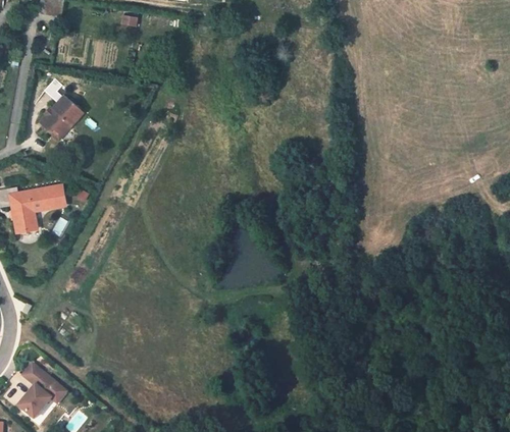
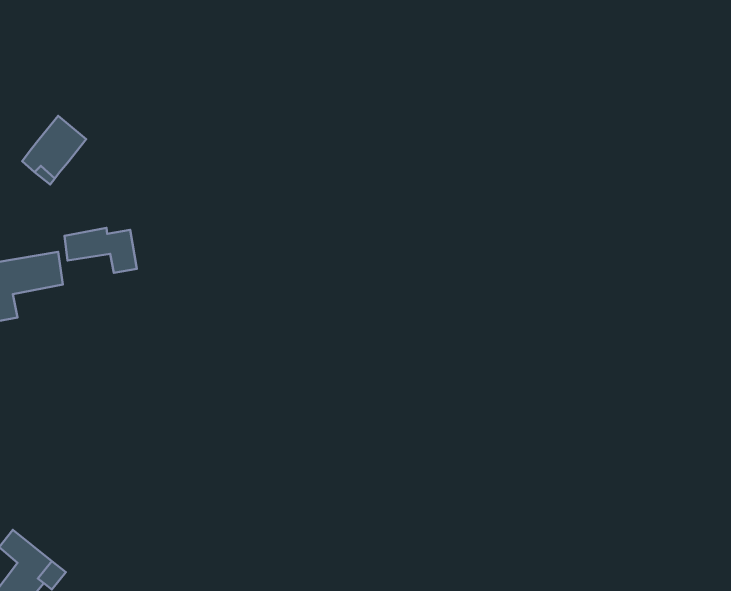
building: none -> [64,228,137,273]

